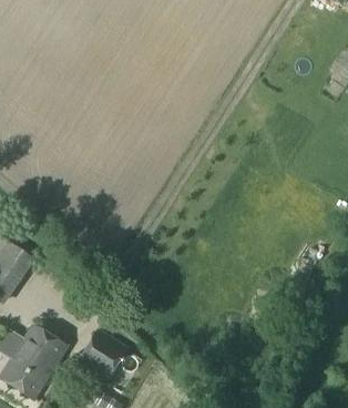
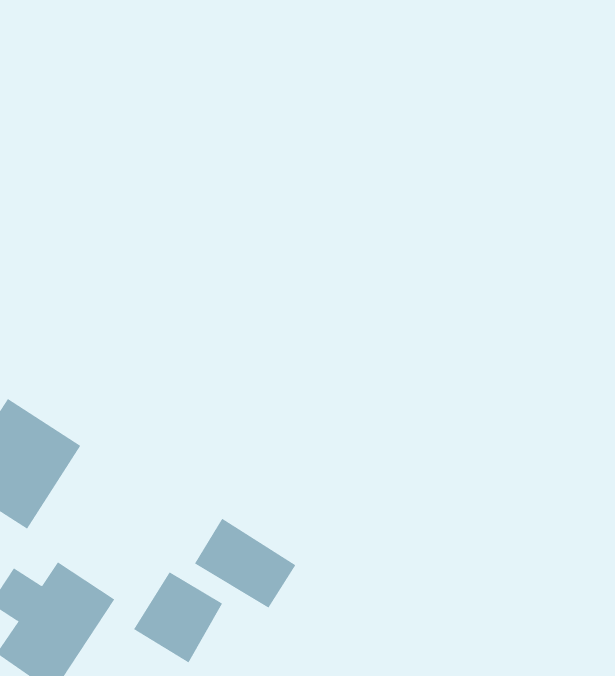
building: none -> [194,518,296,608]

